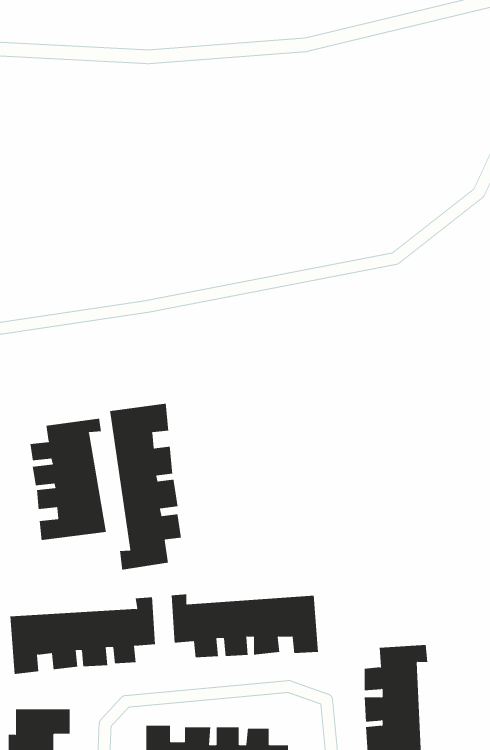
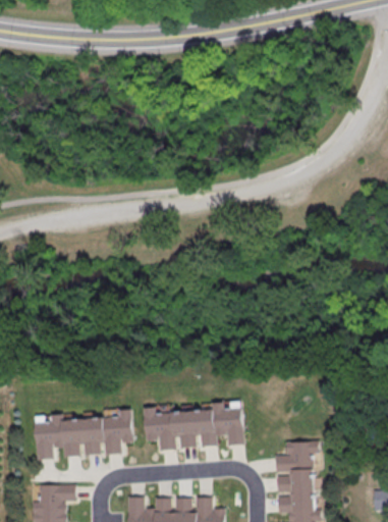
building: [109,403,181,570] -> none
building: [30,418,107,541] -> none

